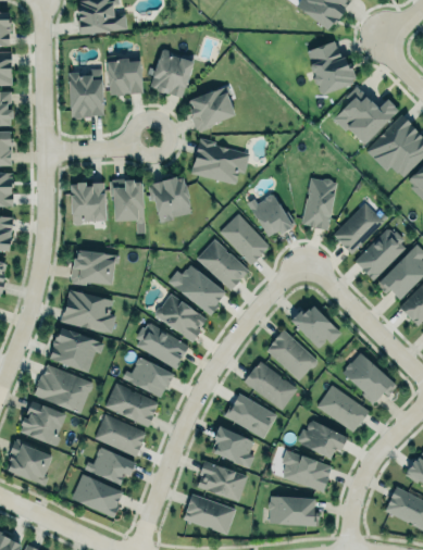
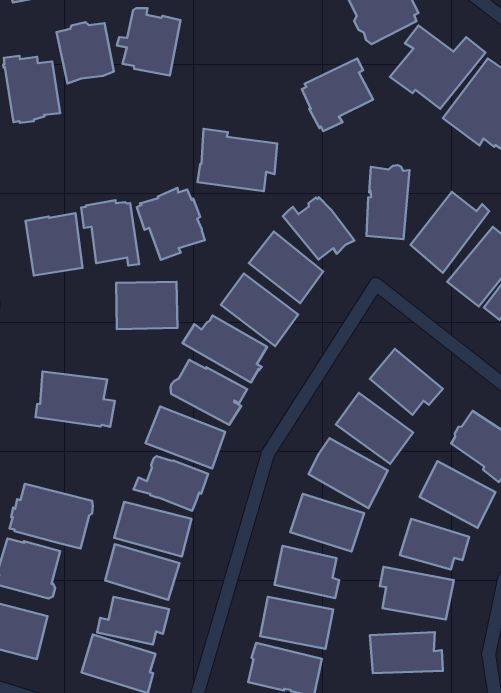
building: [188,85,236,132] -> [302,58,373,131]
building: [72,251,116,287] -> [116,282,177,329]
building: [49,328,104,374] -> none

